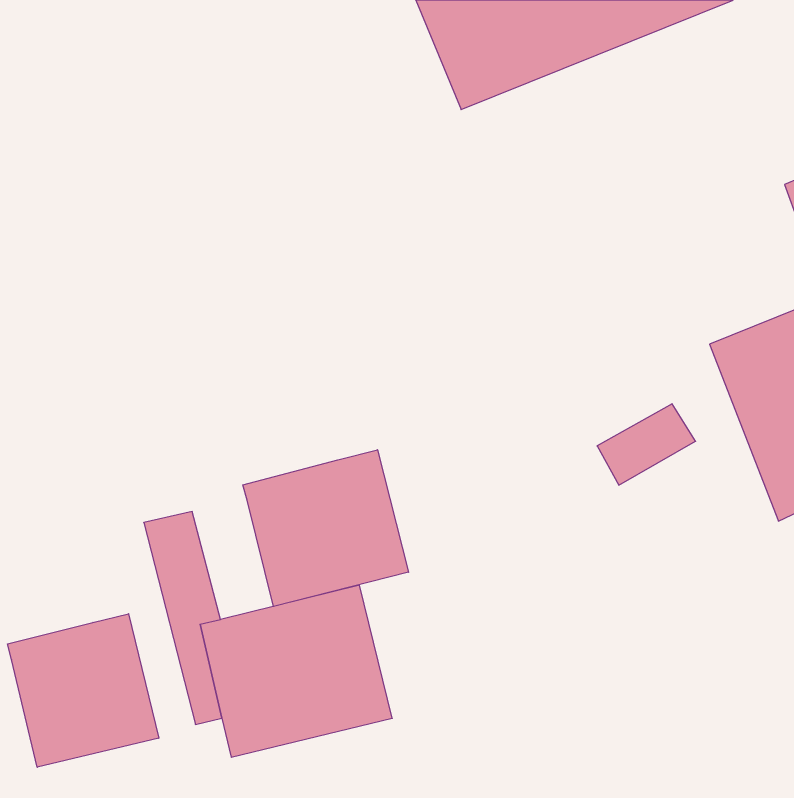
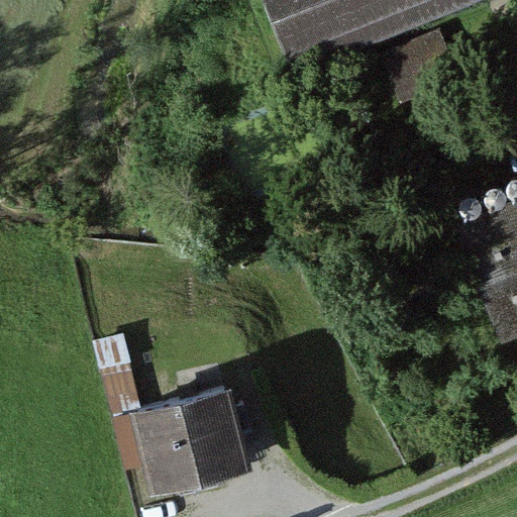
building: [243,450,409,606] -> none
building: [8,614,159,767] -> none

